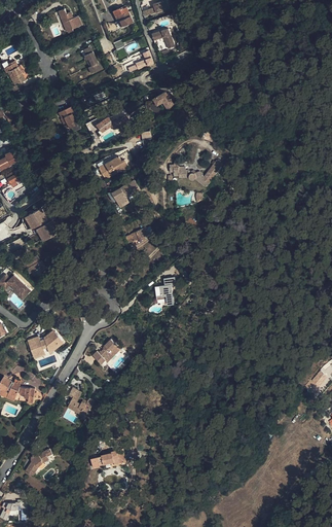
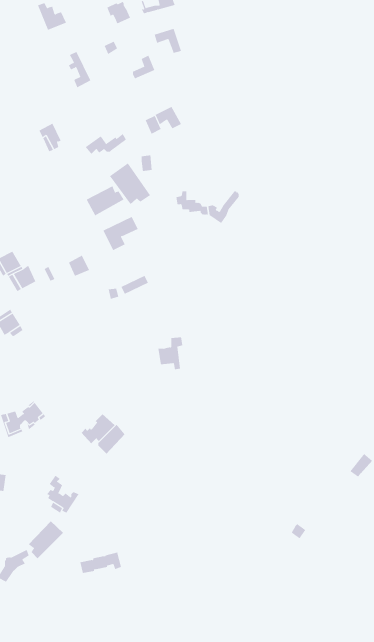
building: none -> [109,162,151,205]
building: none -> [28,520,64,559]

